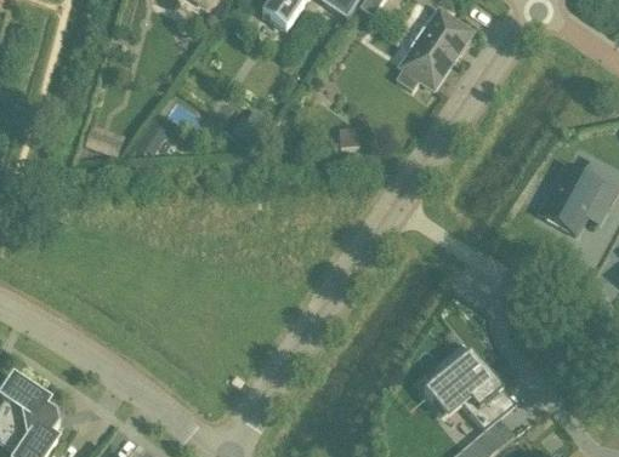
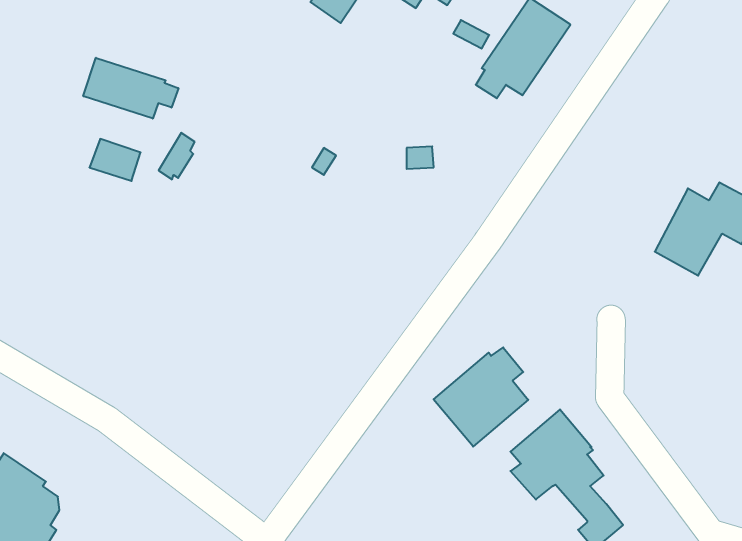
building: none -> [83,58,178,119]
building: none -> [434,347,528,447]

